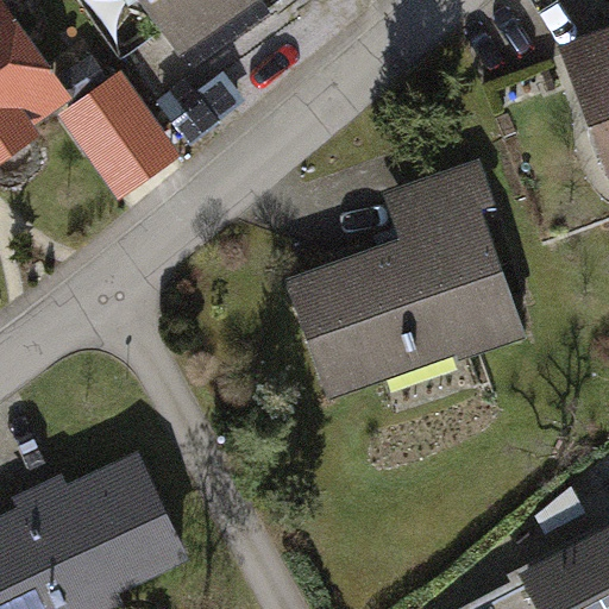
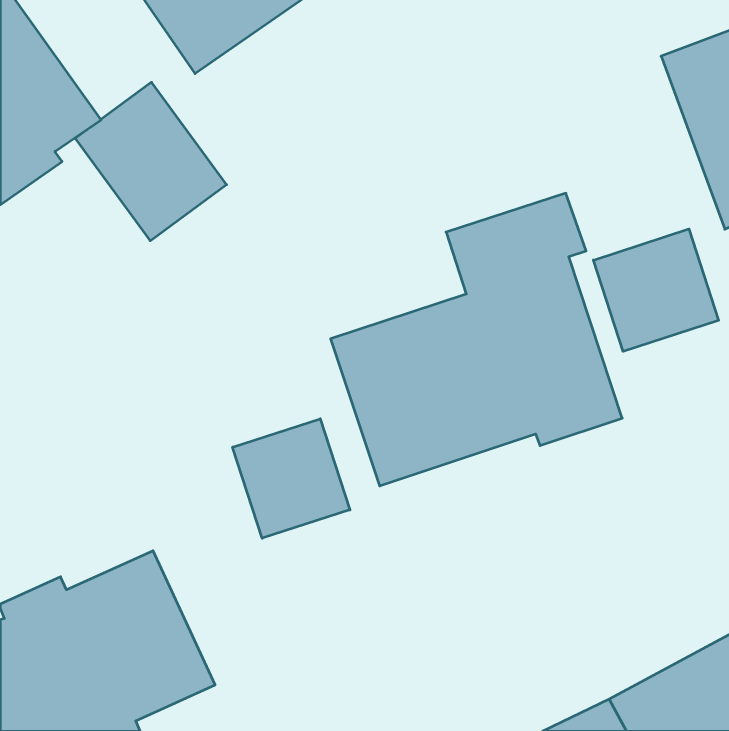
building: none -> [593,229,719,351]
building: none -> [233,419,350,538]

